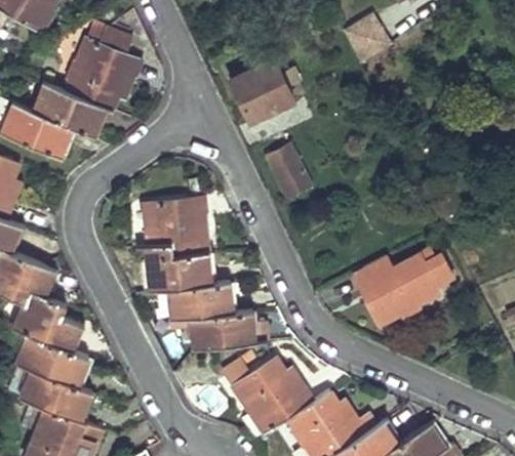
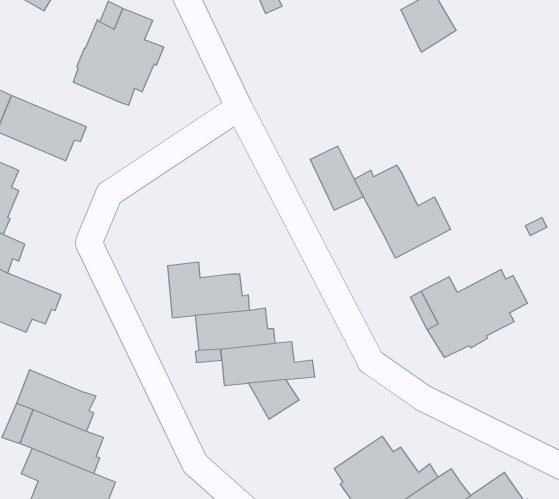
building: [231,58,293,121] -> none
building: [33,82,107,134] -> none
building: none -> [354,165,450,258]
building: [144,197,206,256] -> none
building: [14,291,79,353] -> none
building: [232,358,313,433] -> none

